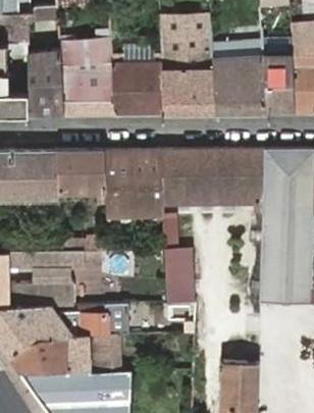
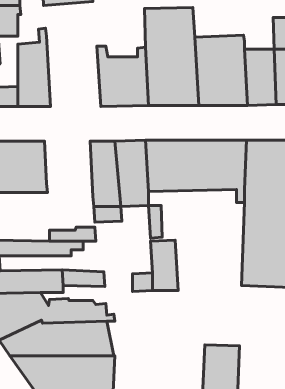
building: [59,30,115,115] -> none
building: [57,151,107,208] -> none

